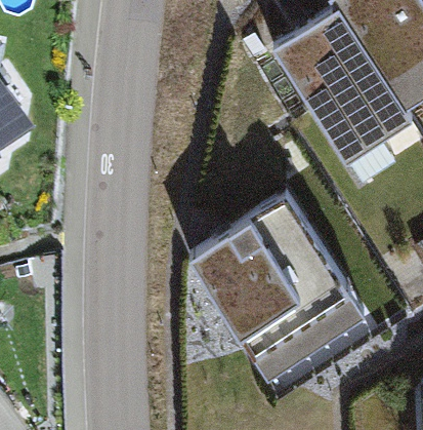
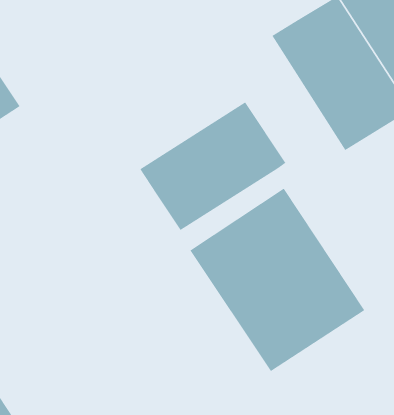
building: none -> [139,102,286,231]

